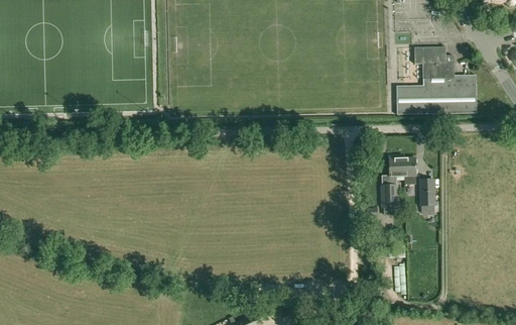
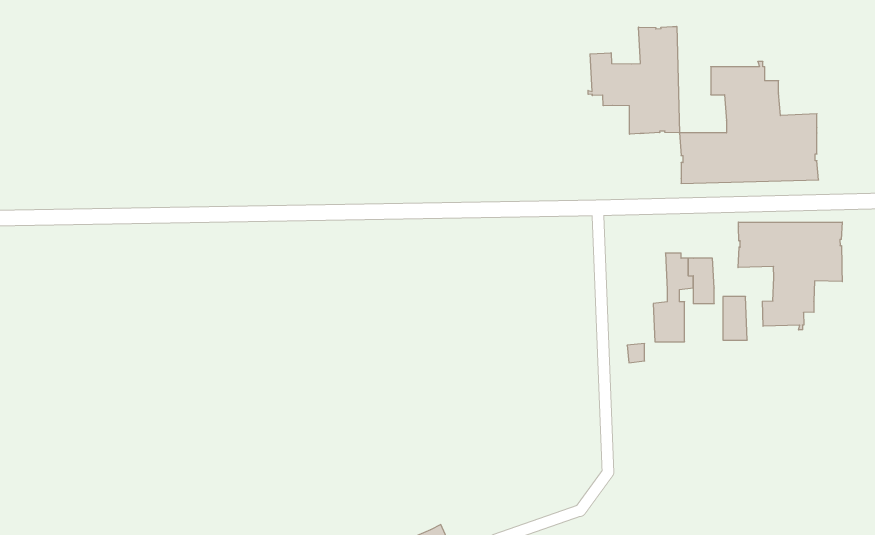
building: none -> [588,26,679,134]
building: none -> [738,222,842,330]

